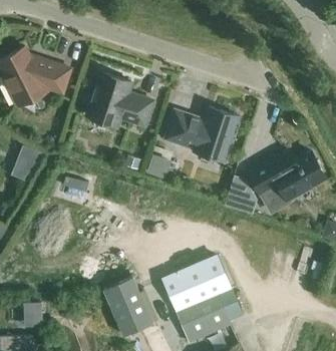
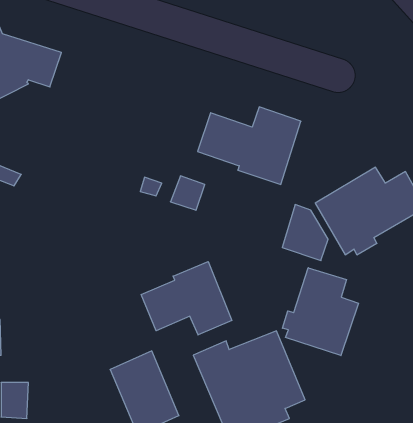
building: [86,71,152,125] -> none
building: none -> [141,262,232,335]
building: none -> [282,268,358,356]

